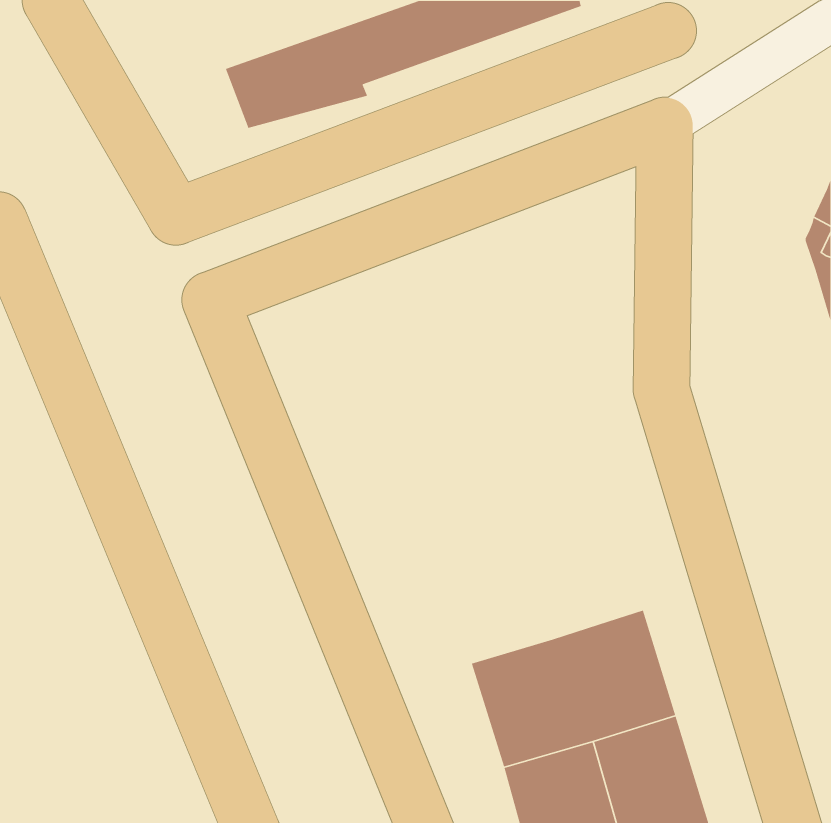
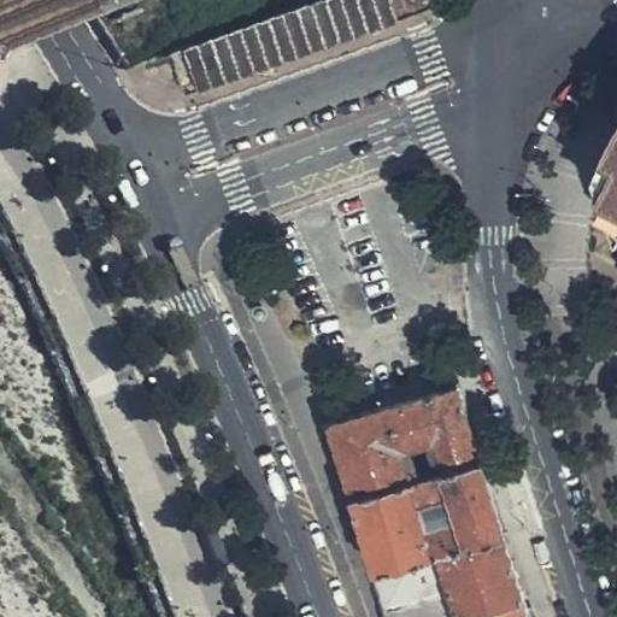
building: none -> [327,387,476,498]

